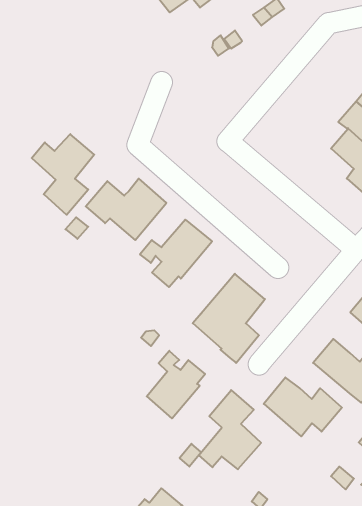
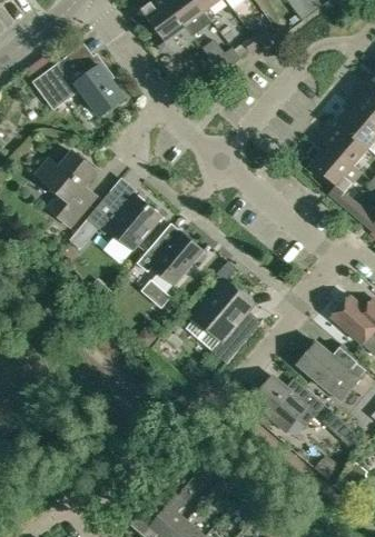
building: none -> [41,53,126,118]
building: [147,351,205,418] -> none
building: [199,390,261,469] -> none

